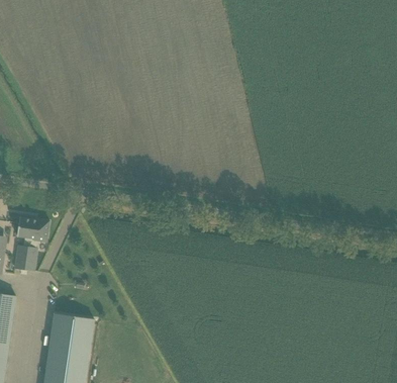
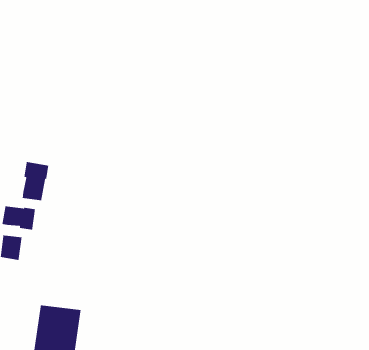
building: none -> [22,161,49,201]

